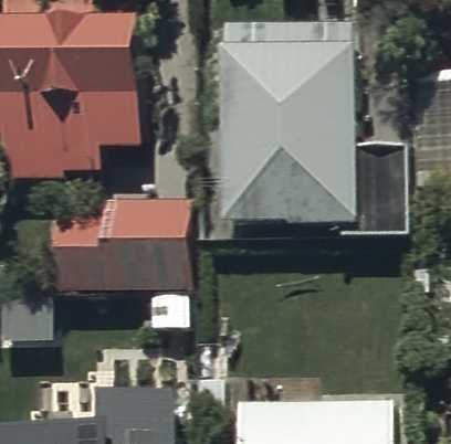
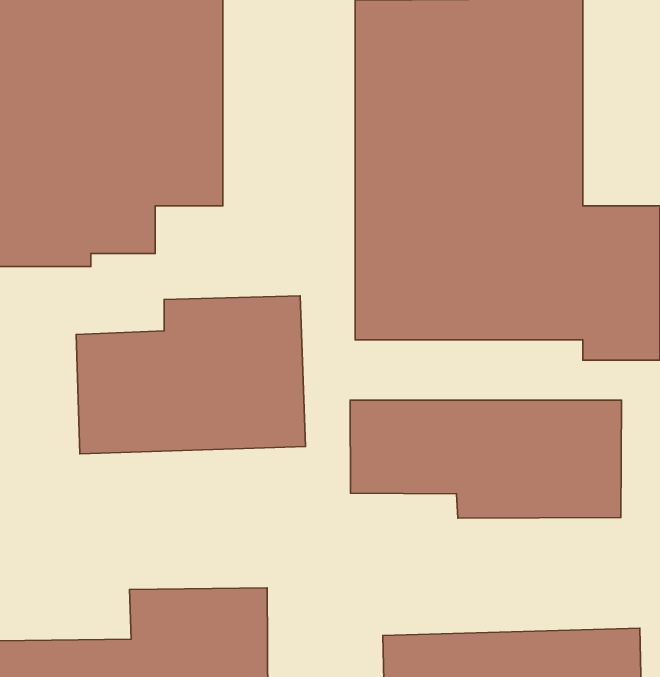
building: none -> [350,400,622,518]

